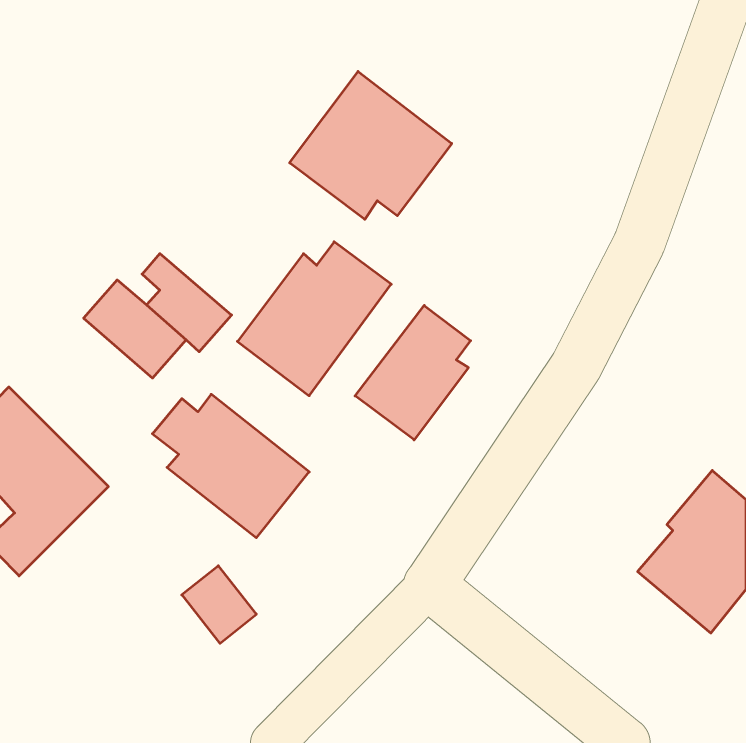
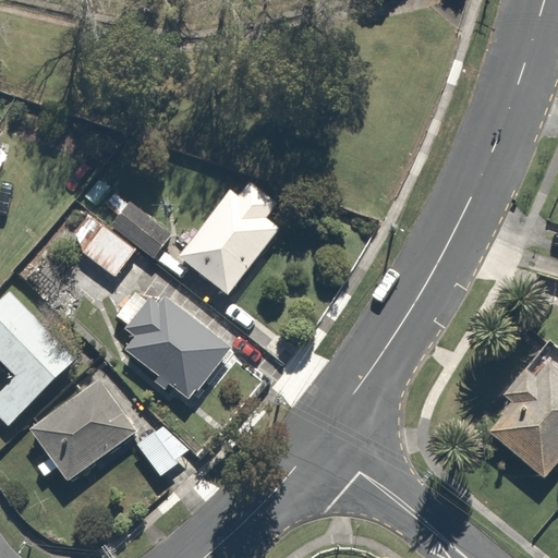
building: [290,71,452,219] -> none
building: [355,305,471,440] -> none
building: none -> [29,379,136,481]

